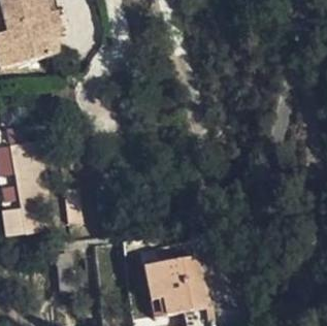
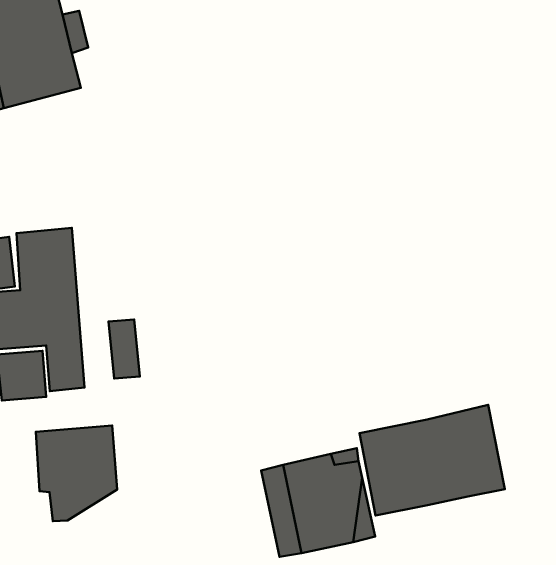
building: none -> [360,405,505,516]
building: none -> [36,426,117,521]

